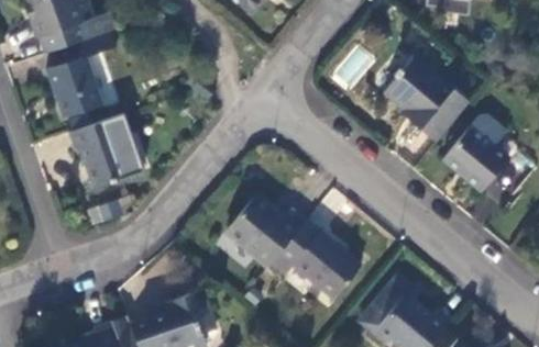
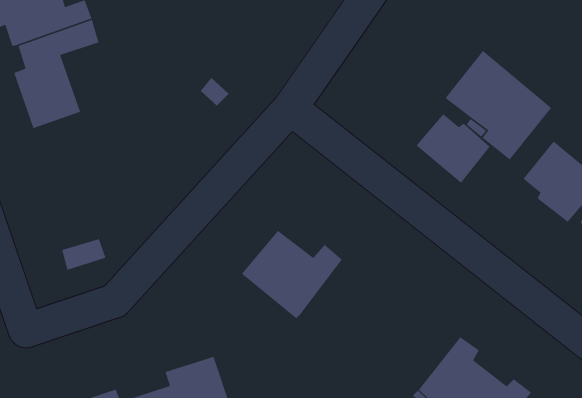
building: none -> [416,113,490,184]
building: [70,116,143,187] -> none
building: [273,217,360,293] -> none

